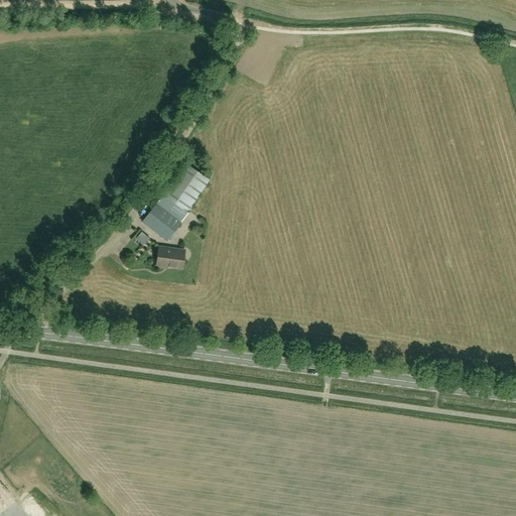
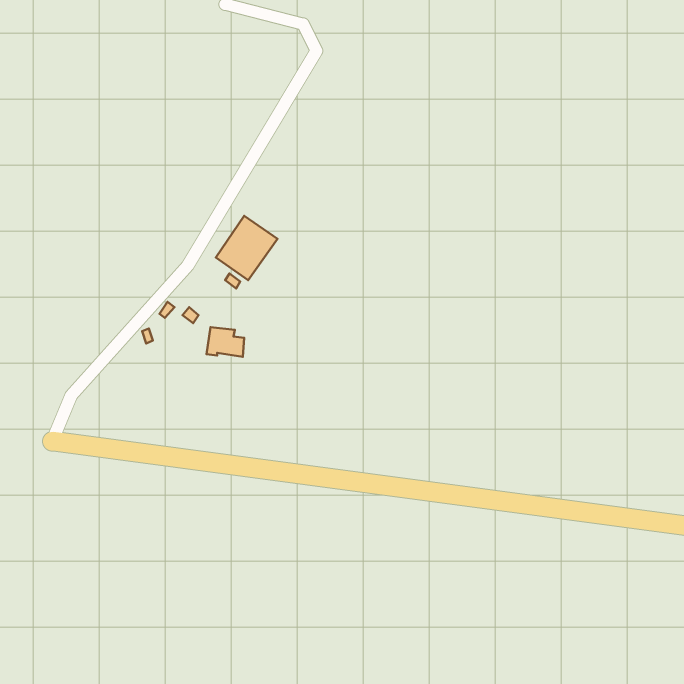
building: [143,203,181,240] -> none

